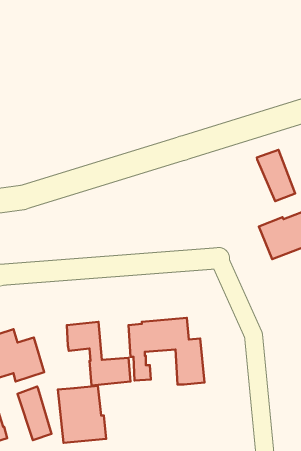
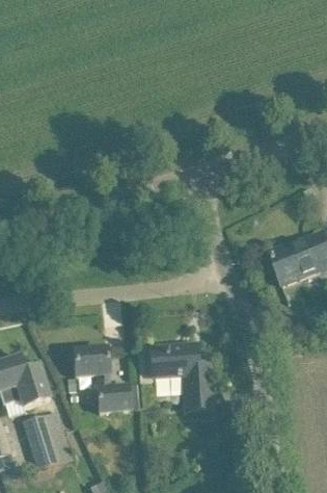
building: [257,150,295,201] -> none
building: [58,386,106,443] -> none

